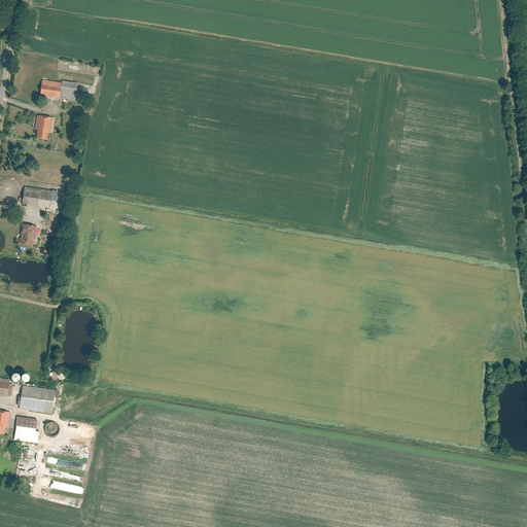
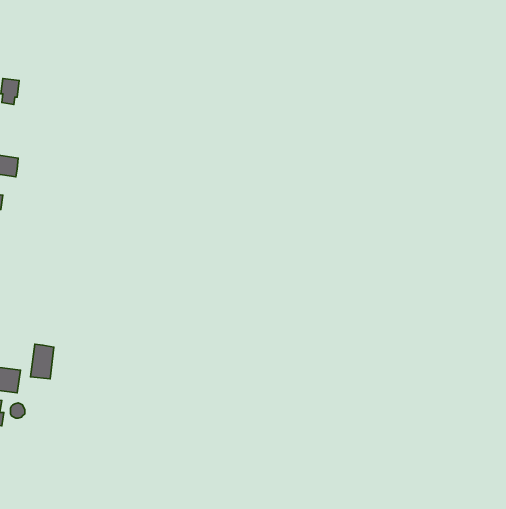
building: [39,79,77,101] -> none
building: none -> [31,344,54,379]

